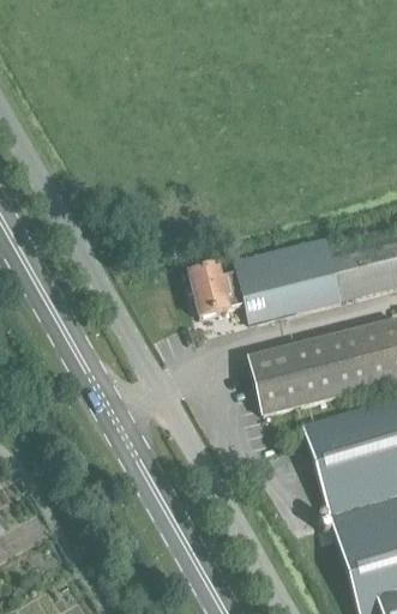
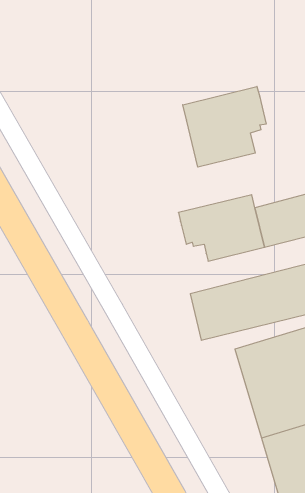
building: none -> [183,86,266,167]
building: [190,264,271,321] -> none

